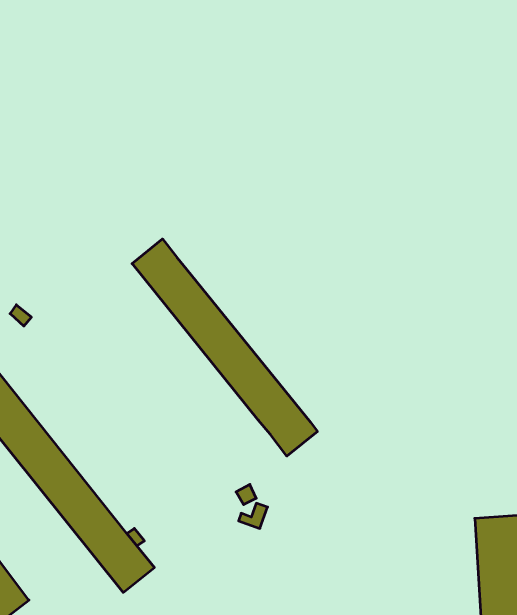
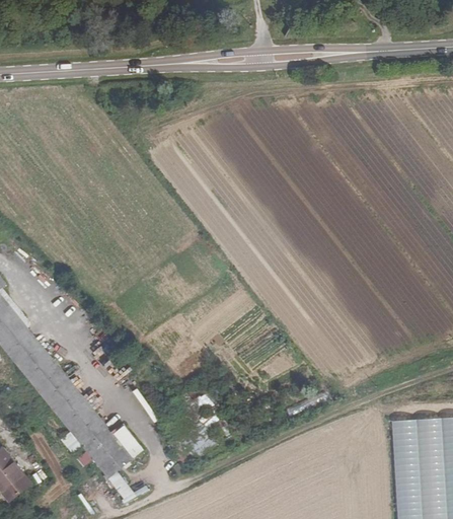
building: [132,239,317,456] -> none

